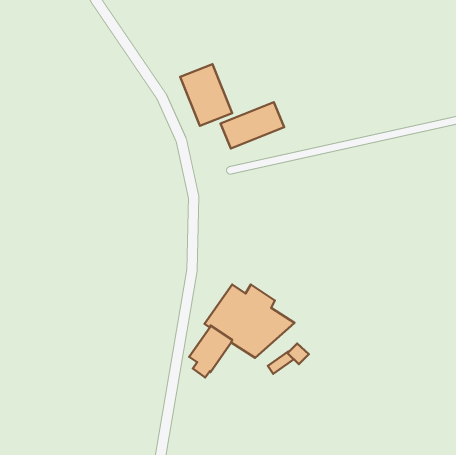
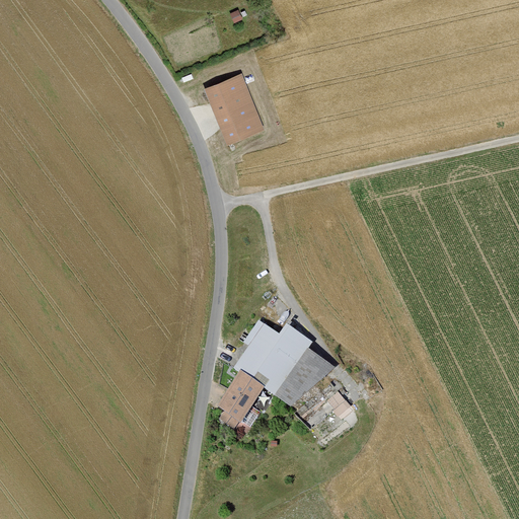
building: [221,102,284,149] -> none

